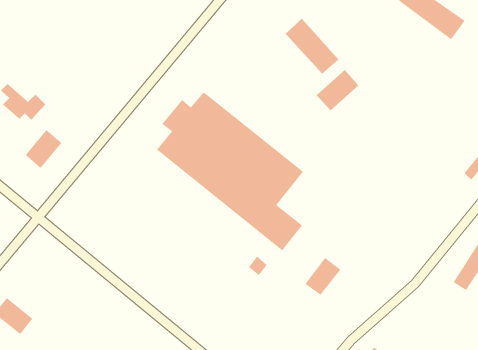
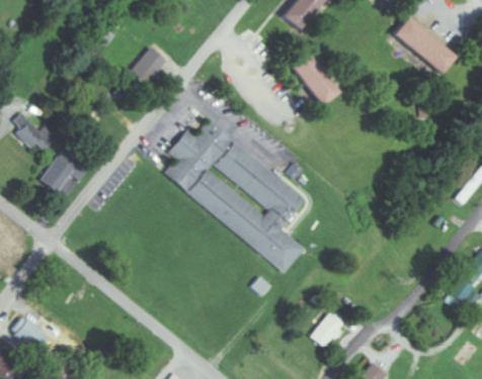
building: none -> [138,50,167,78]
building: [316,69,359,111] -> none
building: [305,257,341,296] -> [311,312,345,349]

